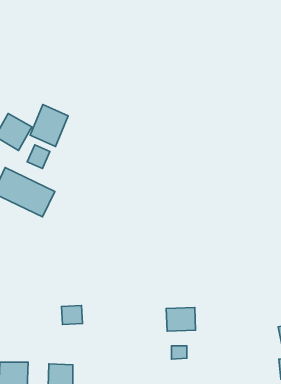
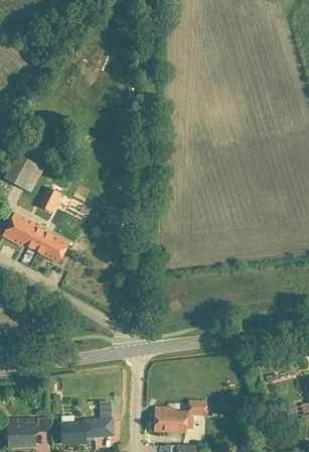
building: [30,105,68,146] -> none
building: [62,305,82,324] -> [90,415,112,435]
building: [166,308,196,331] -> [156,407,187,432]

